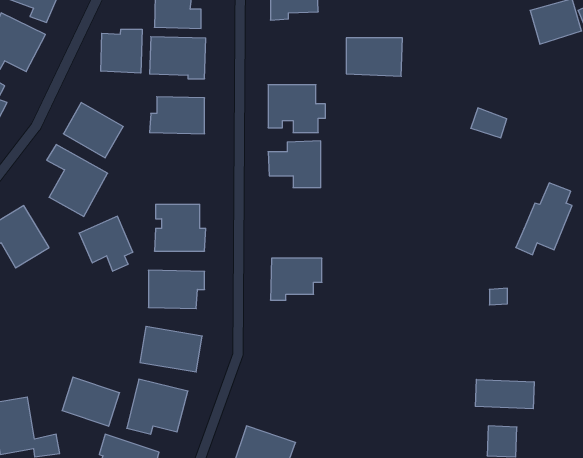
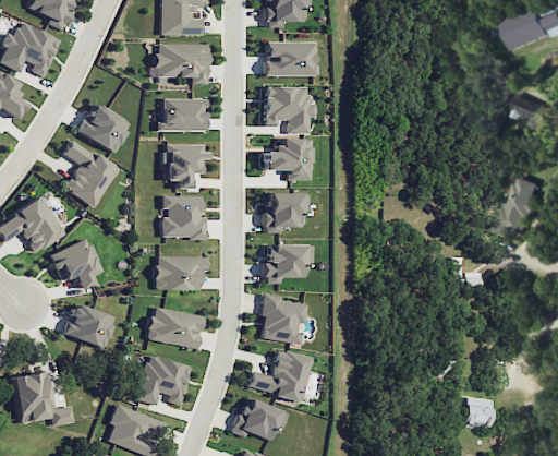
building: [101,29,142,73] -> none
building: [346,38,402,76] -> [266,41,317,76]
building: [471,108,507,138] -> [511,94,544,121]
building: none -> [163,144,205,189]
building: none -> [266,192,310,232]
building: [79,216,133,271] -> [49,239,98,289]
building: none -> [259,296,308,344]
building: none -> [247,349,312,400]
building: [62,377,120,426] -> [63,303,116,348]
building: [475,379,534,409] -> none

